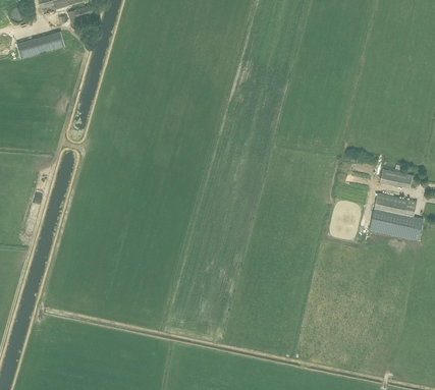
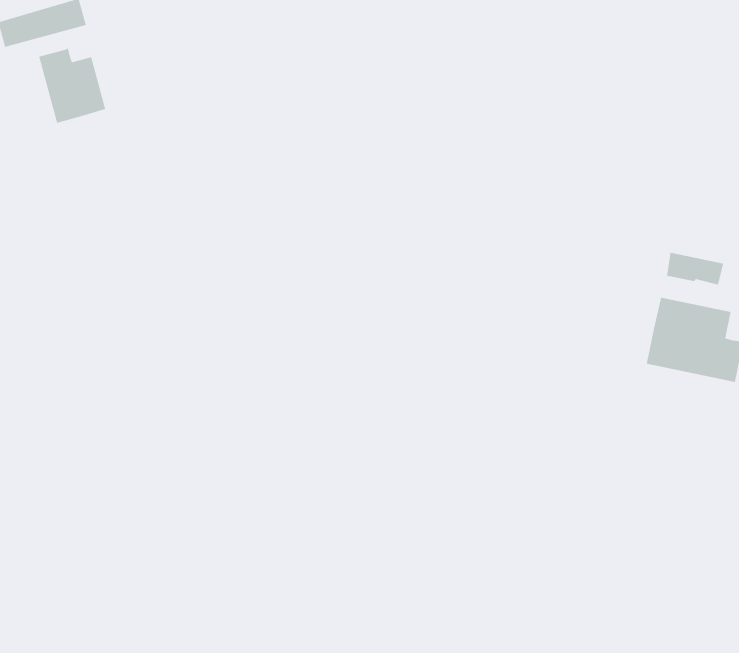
building: none -> [38,47,106,124]

